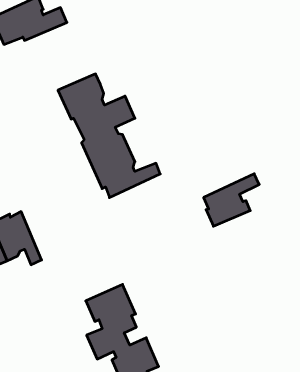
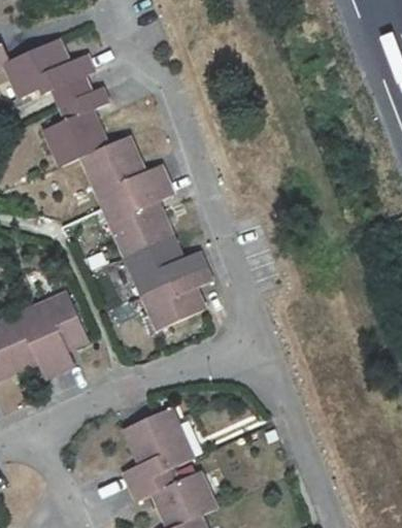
building: none -> [46,87,107,165]
building: [204,174,259,226] -> [146,262,216,328]
building: none -> [35,291,89,370]

